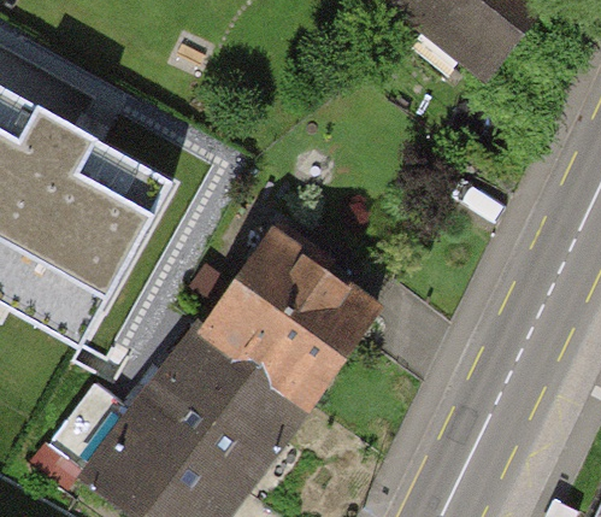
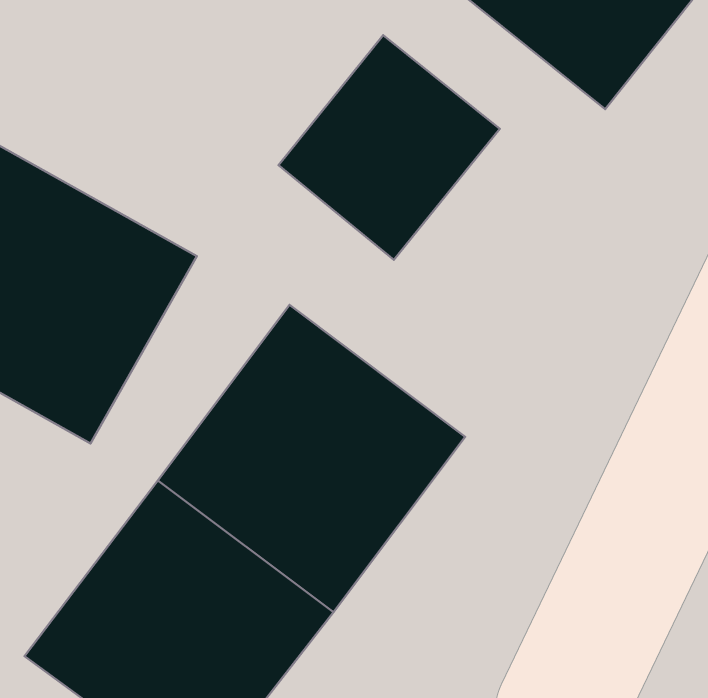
building: none -> [279,35,500,260]

